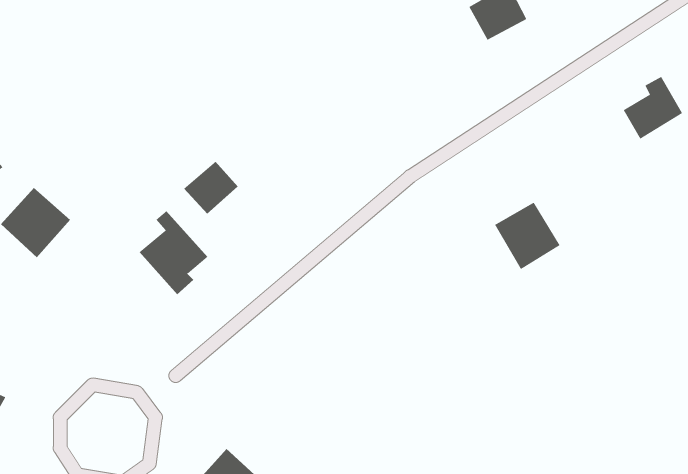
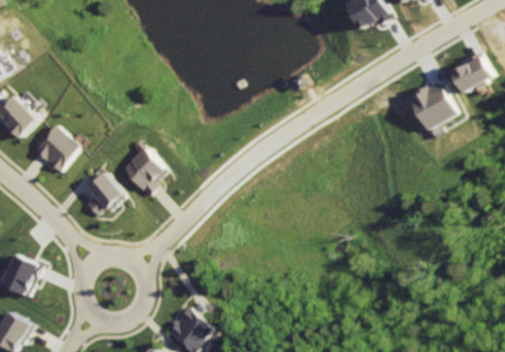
building: [183,161,238,214] -> none
building: [494,202,560,270] -> [408,86,453,132]
building: none -> [87,174,130,217]

